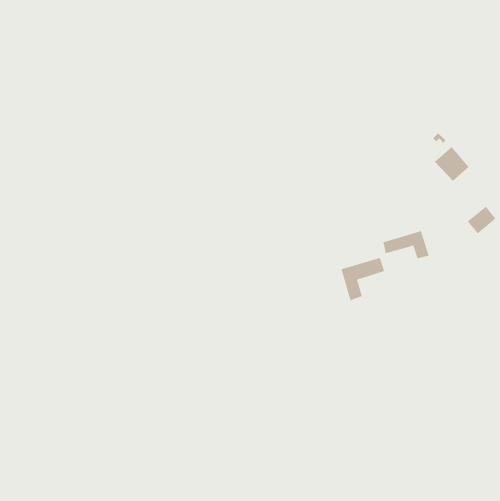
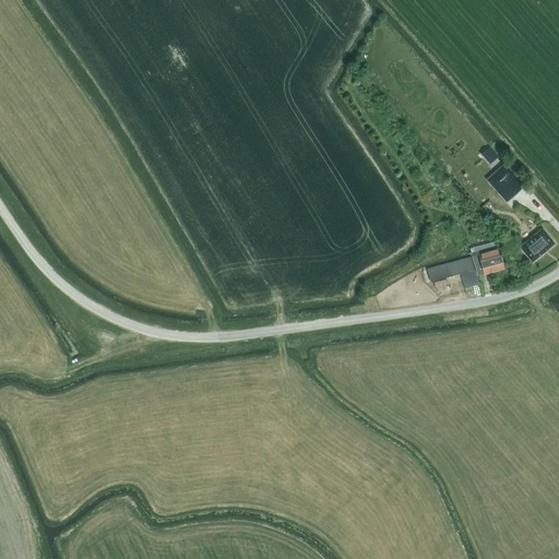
building: none -> [471,250,502,275]
building: [341,257,385,301] -> none

